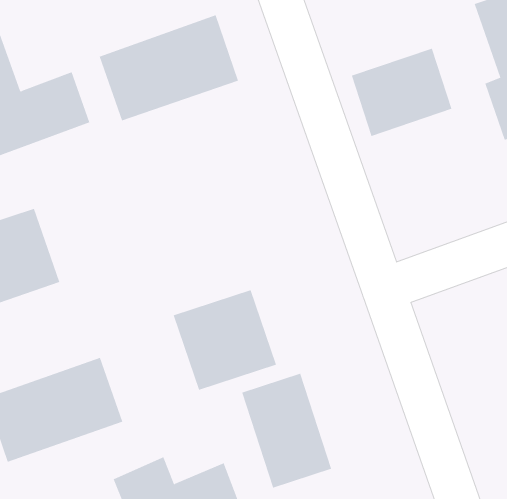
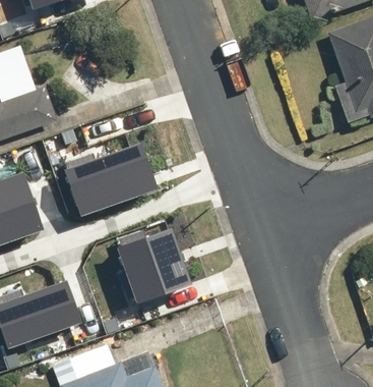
building: [99,15,239,121] -> [60,130,154,203]
building: [351,48,452,137] -> none
building: [241,373,332,489] -> none

